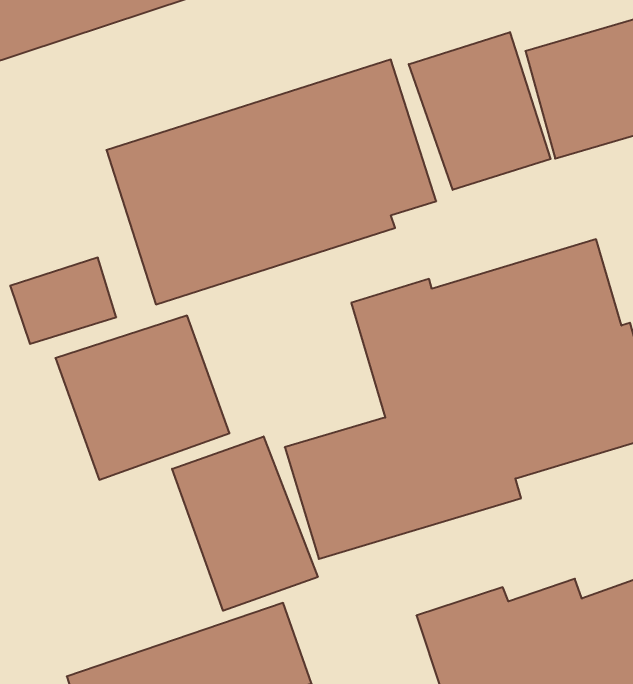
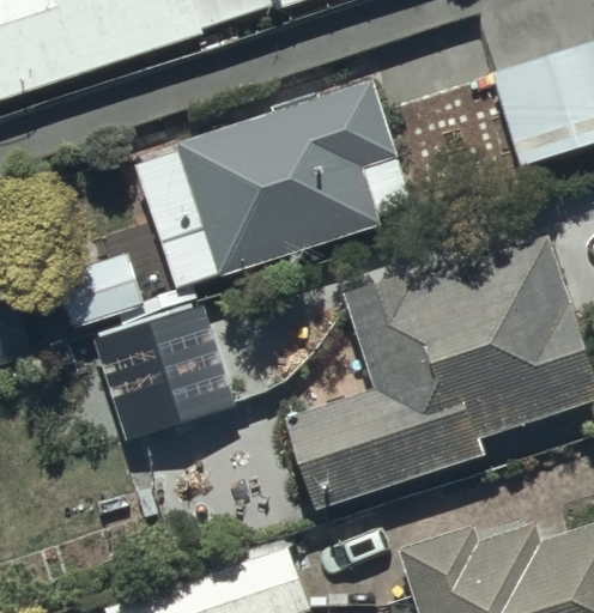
building: [409,32,551,190] -> none
building: [172,436,318,611] -> none

